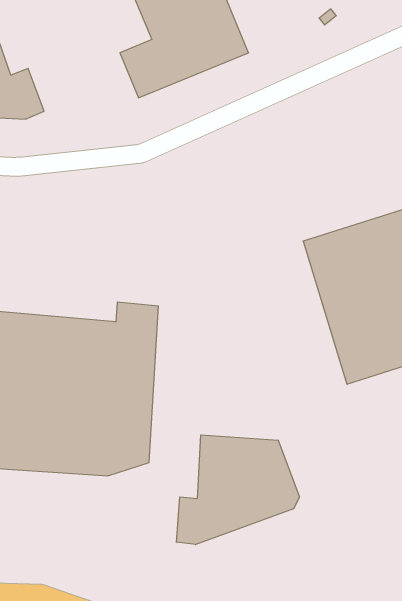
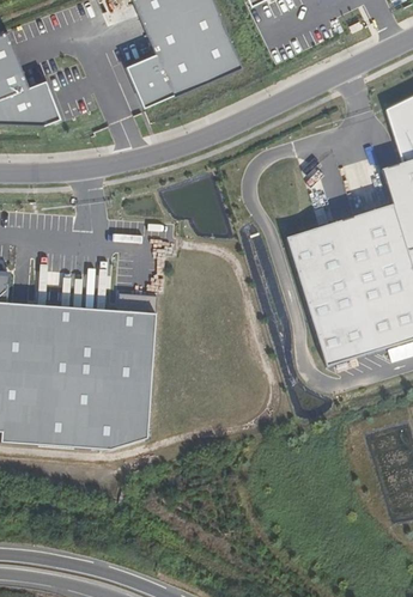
building: [176,435,299,545] -> none

